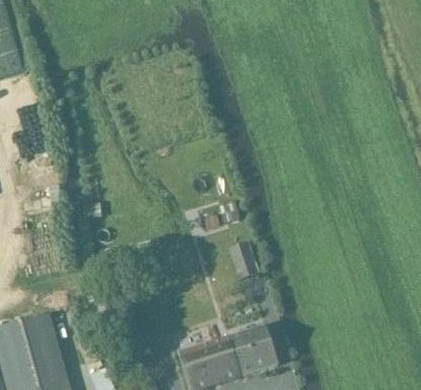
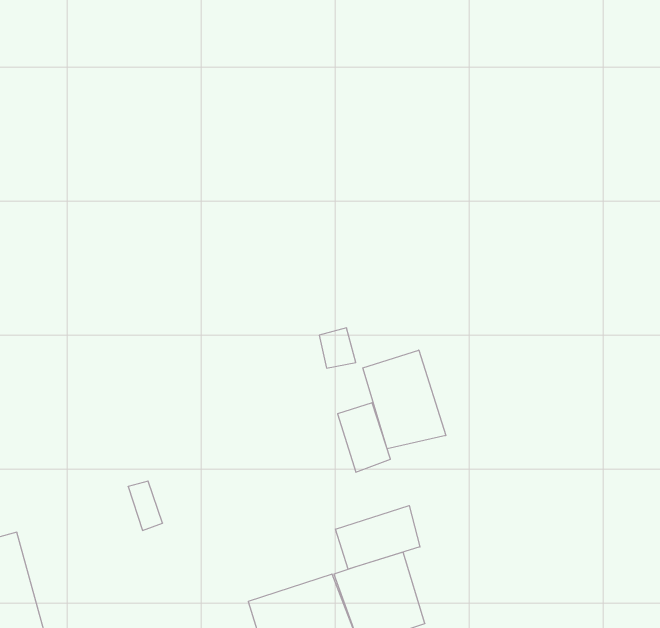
building: none -> [363,350,446,449]
building: none -> [335,506,420,569]

